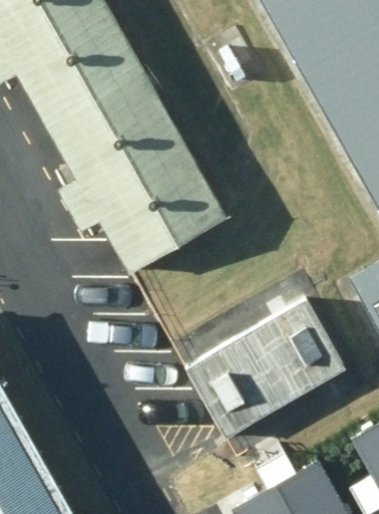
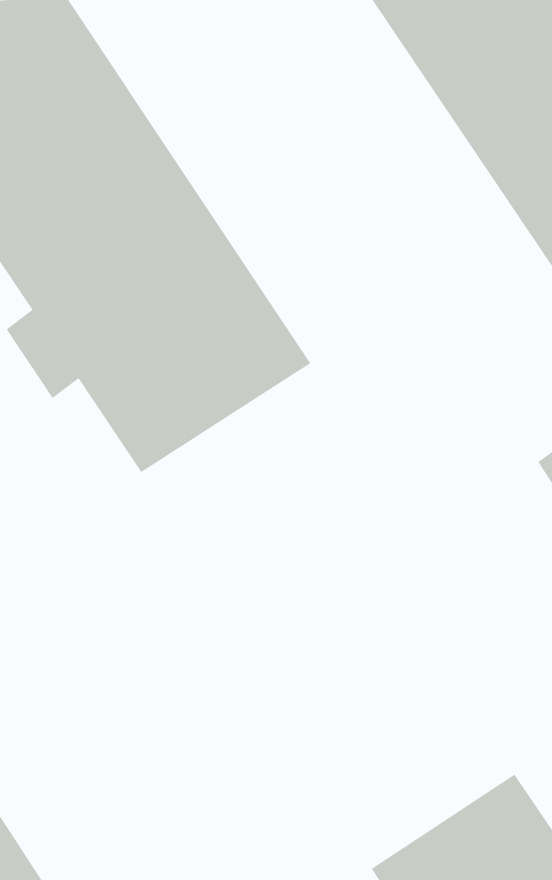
building: [182,302,343,441] -> none

